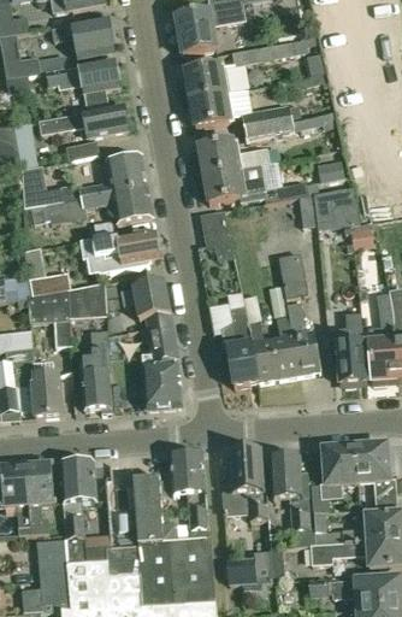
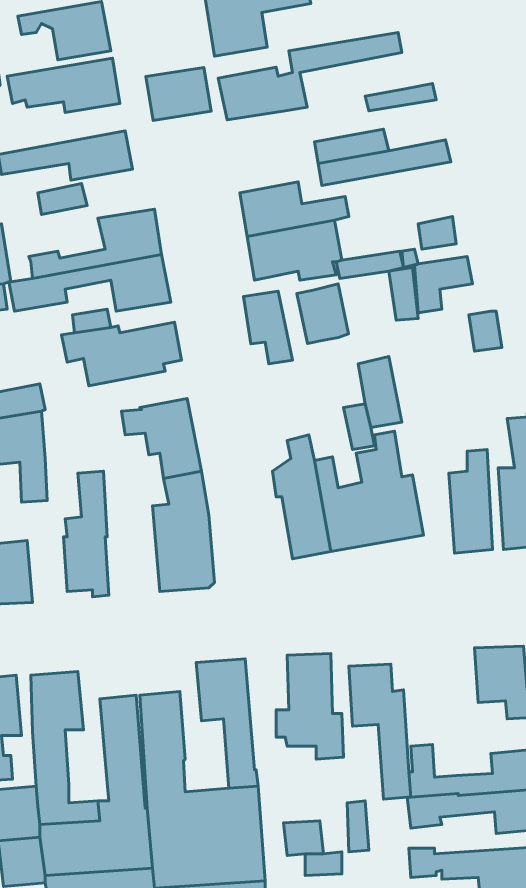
building: [190,90,233,125] -> [146,68,211,120]
building: none -> [297,284,349,344]
building: [67,282,107,321] -> none
building: [319,446,356,496] -> none

